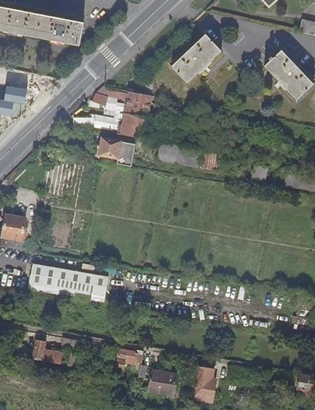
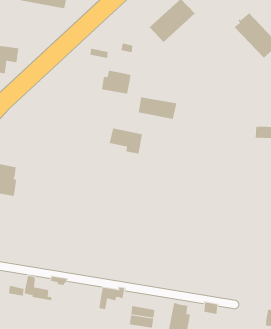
building: [126,91,151,116] -> none
building: [99,137,136,166] -> [109,128,143,154]
building: [27,263,107,301] -> none

